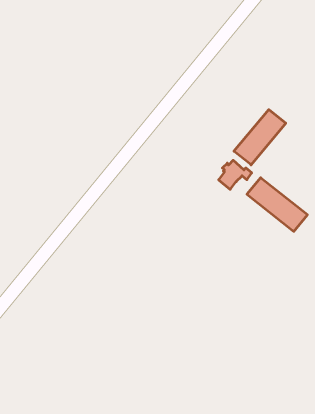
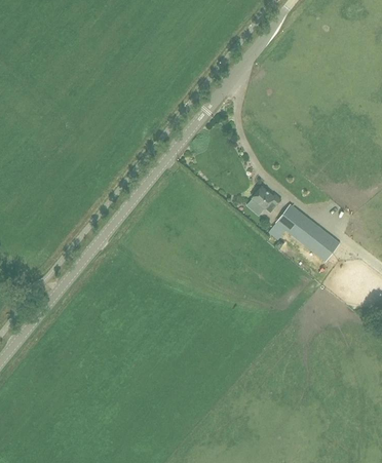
building: [234,110,286,165] -> none

